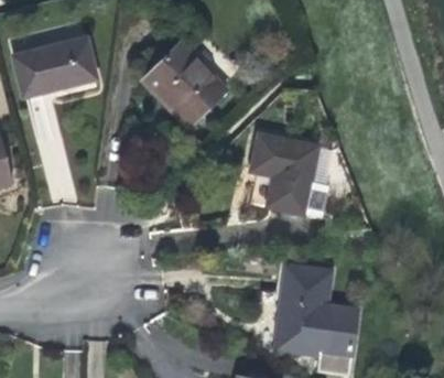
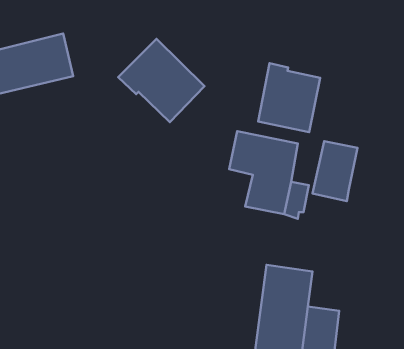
building: none -> [258,63,320,132]
building: none -> [313,141,358,201]

